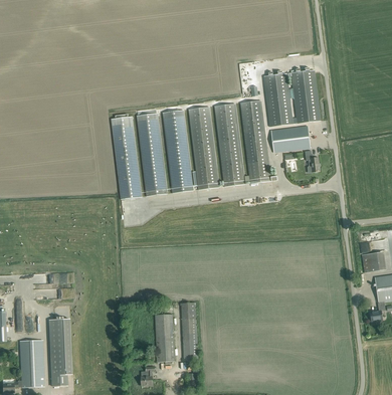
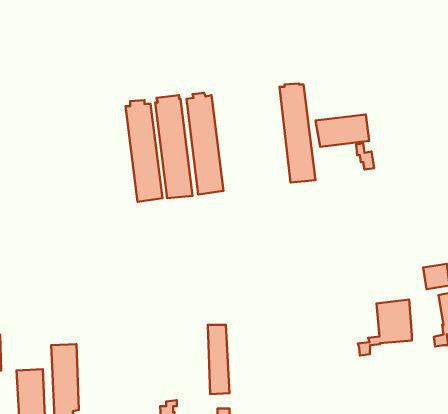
building: [263,67,320,127] -> none
building: [214,102,244,187] -> none
building: [188,106,219,190] -> none
building: none -> [358,300,412,355]
building: [154,314,174,364] -> none

